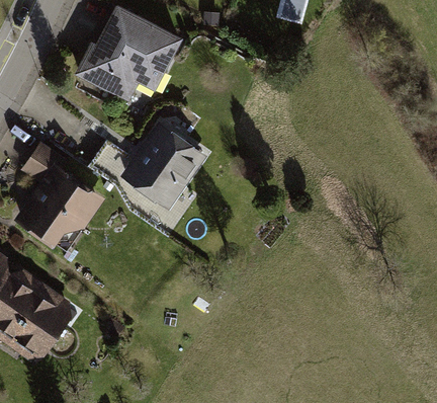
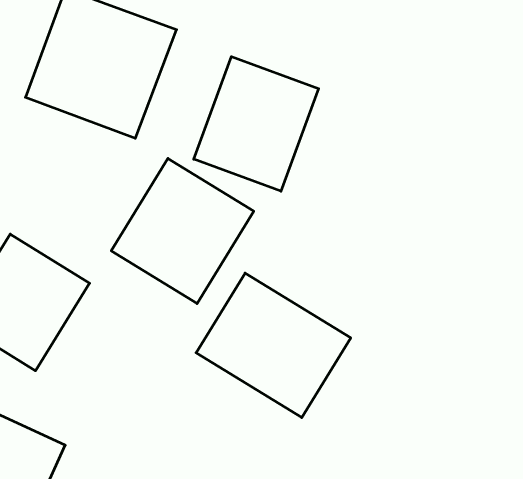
building: none -> [194,57,319,191]
building: none -> [196,273,351,418]

